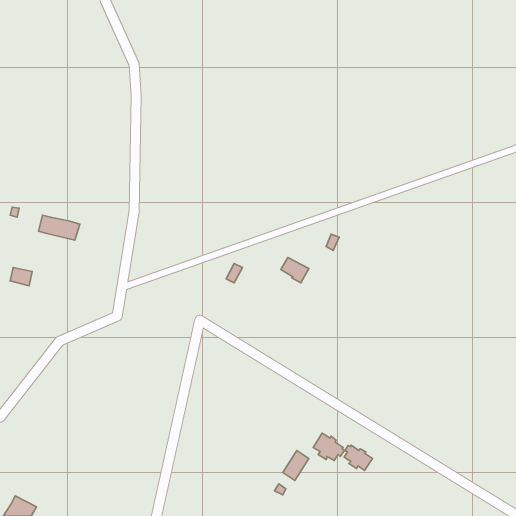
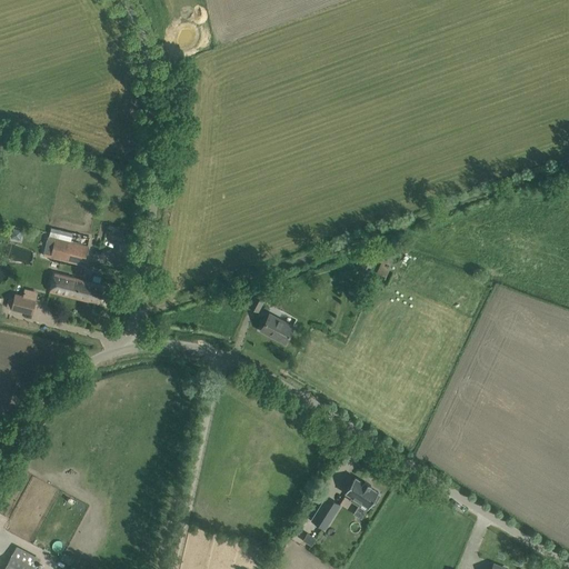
building: none -> [49,274,109,305]
building: [281,258,309,283] -> [262,315,293,342]
building: [344,445,372,471] -> none

